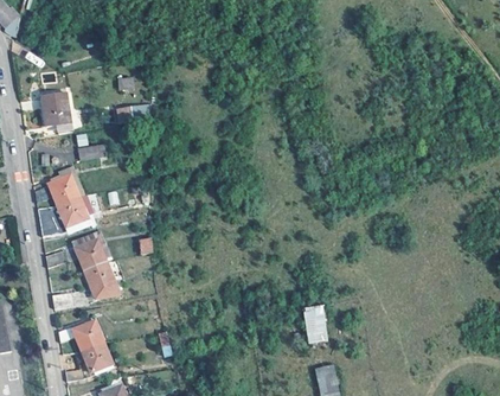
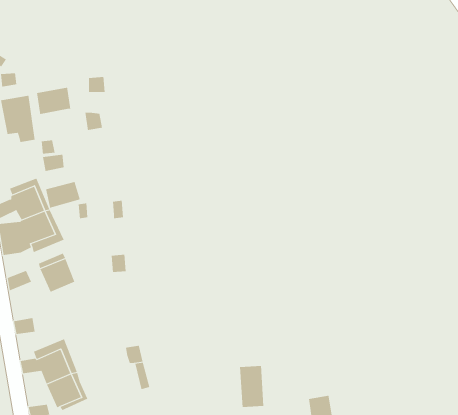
building: none -> [36,87,71,115]
building: none -> [45,181,80,208]
building: [84,260,116,292] -> none
building: [305,302,327,340] -> [239,366,264,408]

